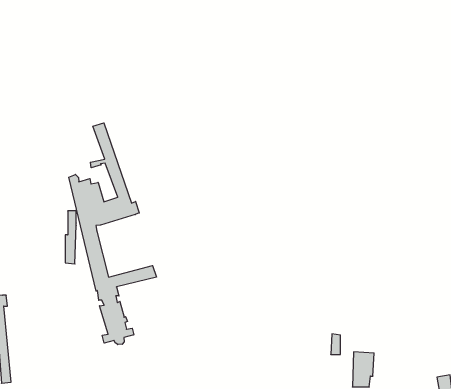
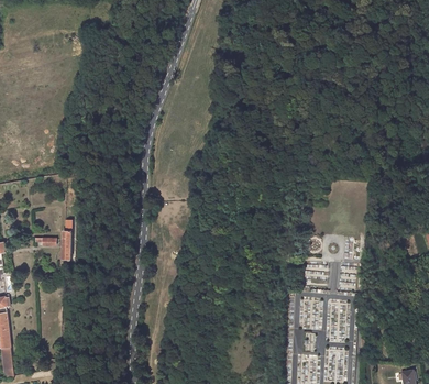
building: [69,123,156,345] -> none

